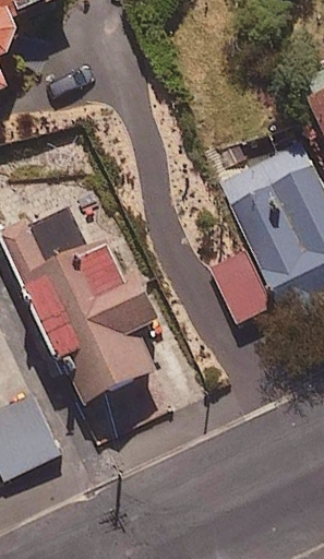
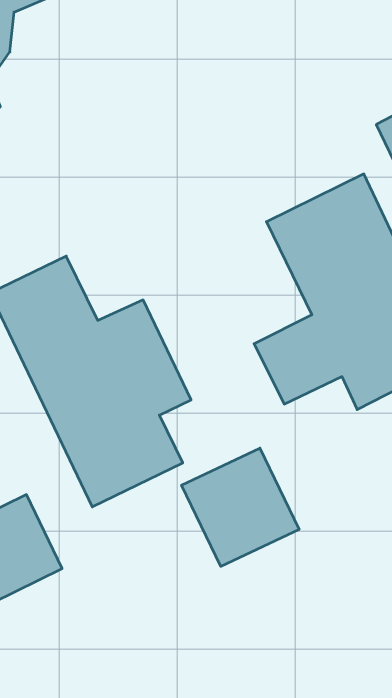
building: none -> [182,448,299,566]

